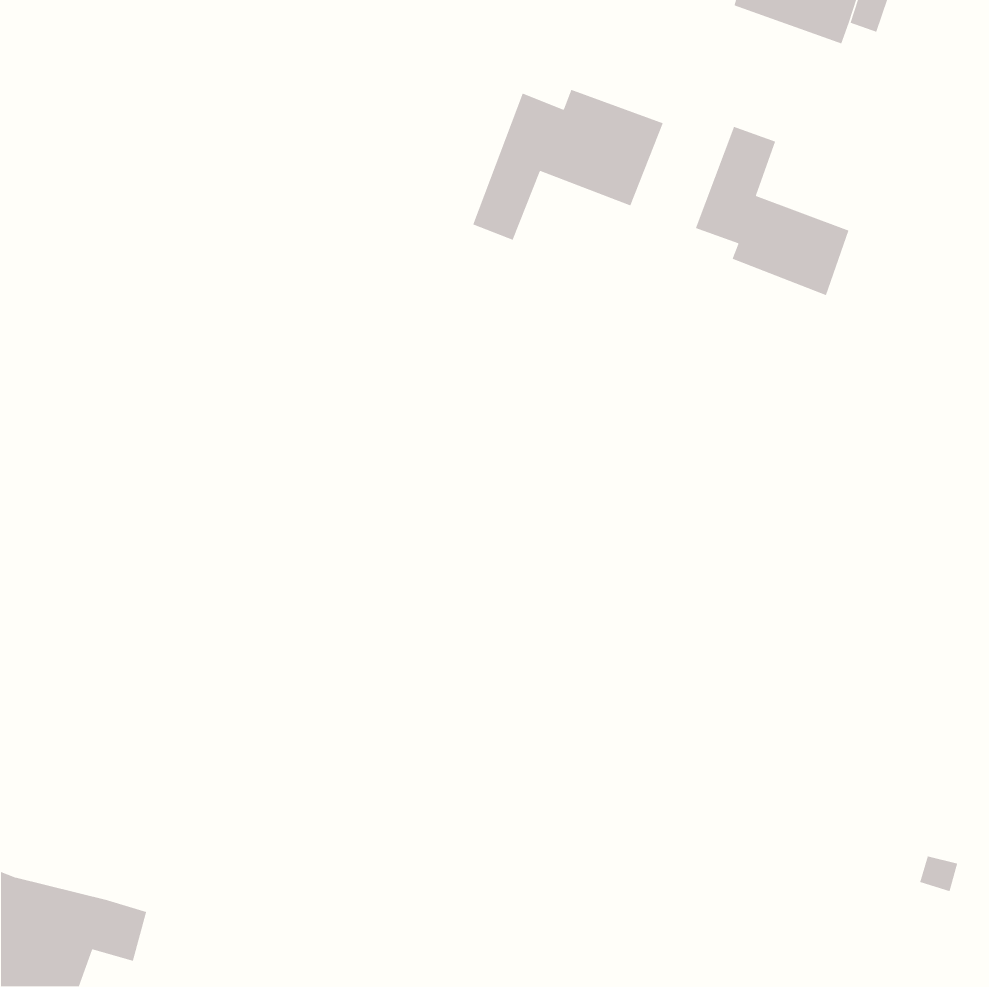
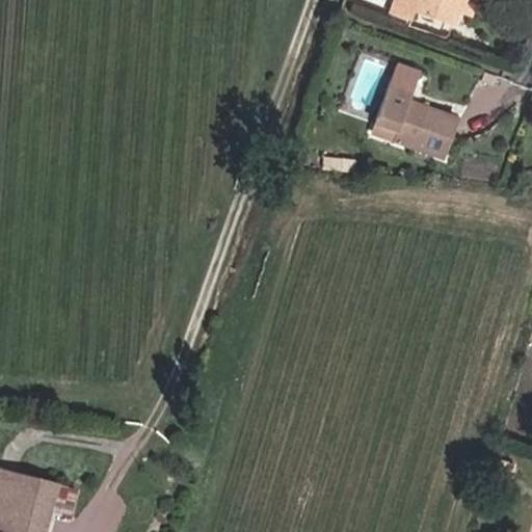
building: [472,89,664,241] -> none

